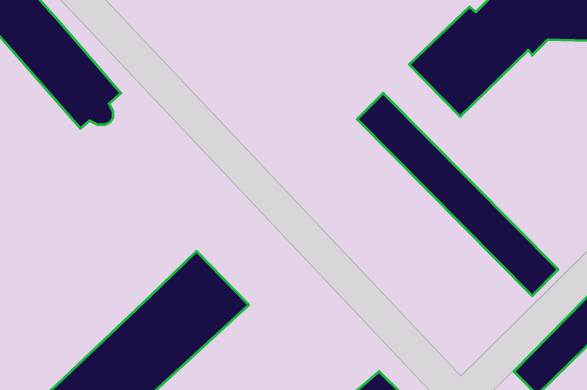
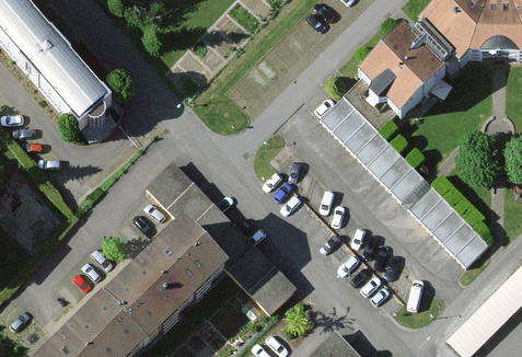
building: none -> [143,164,290,316]

